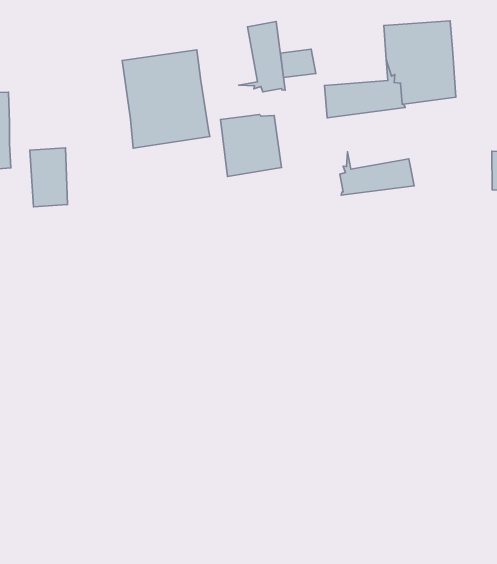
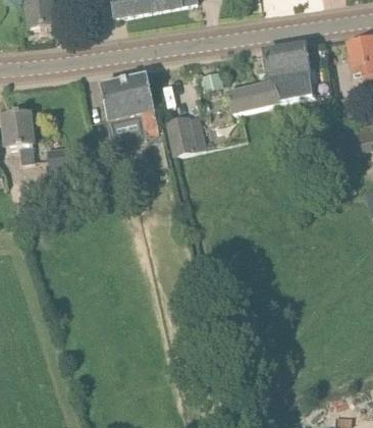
building: [239,22,285,92] -> none
building: [340,152,414,195] -> none

